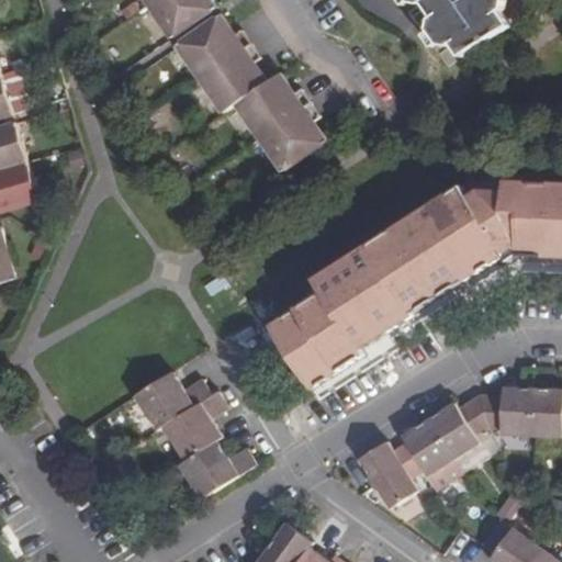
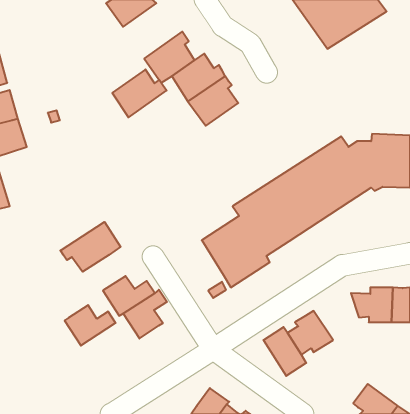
building: [173,14,247,79] -> [112,69,167,117]
building: none -> [60,222,121,272]
building: [425,396,486,460] -> none
building: [183,440,252,495] -> [65,305,116,346]

